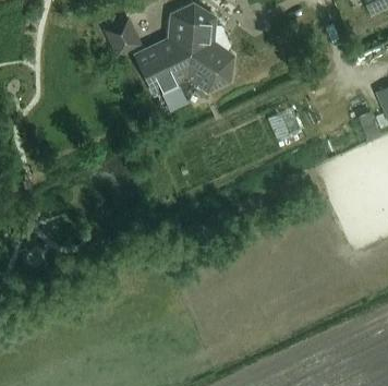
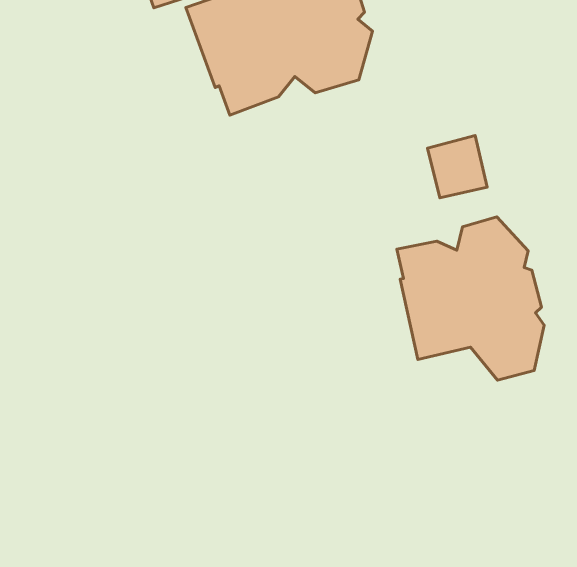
building: none -> [397,217,544,380]

